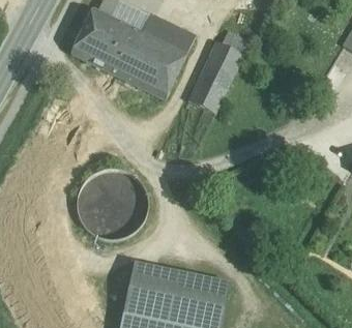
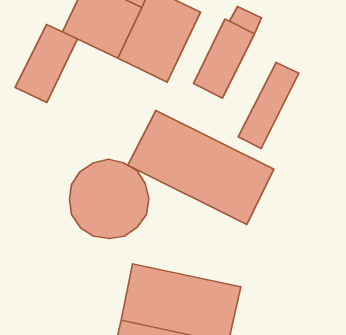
building: none -> [15,25,77,103]
building: none -> [238,62,299,148]
building: none -> [128,111,274,225]

